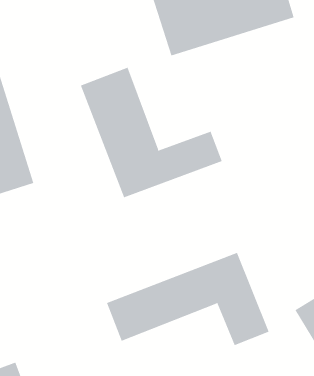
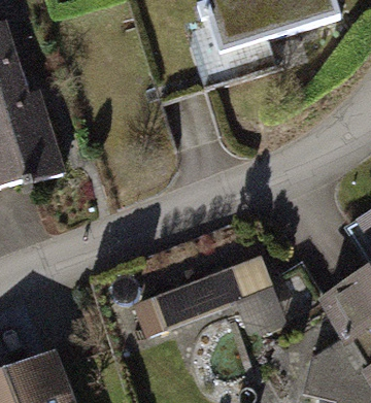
building: [80,67,222,198] -> none

